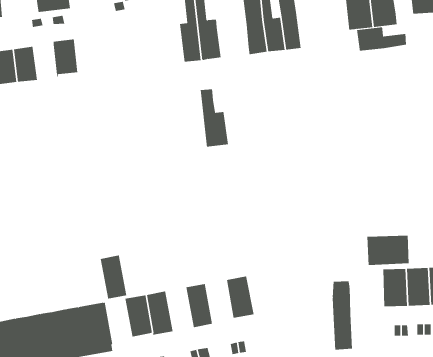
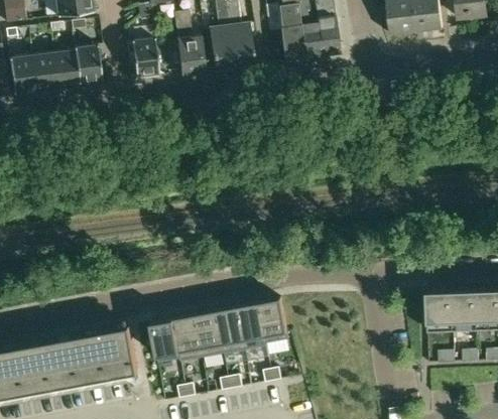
building: [357,27,407,51] -> none
building: none -> [131,37,158,77]
building: none -> [52,50,78,89]
building: [200,89,229,147] -> [173,11,205,74]
building: [367,235,409,266] -> none
building: [100,255,127,299] -> [195,310,224,358]
building: none -> [237,302,268,350]
building: [332,280,352,350] -> none

